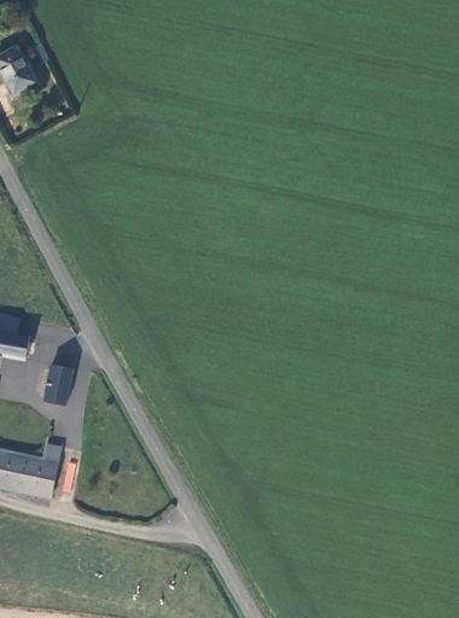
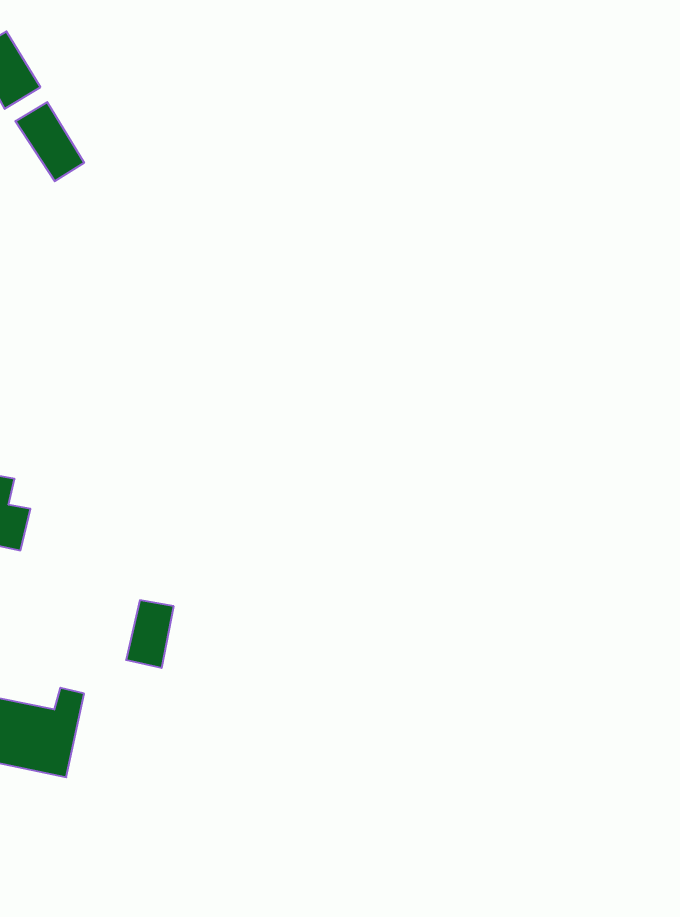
building: none -> [15,102,84,181]
building: [43,365,72,406] -> [126,600,174,668]

